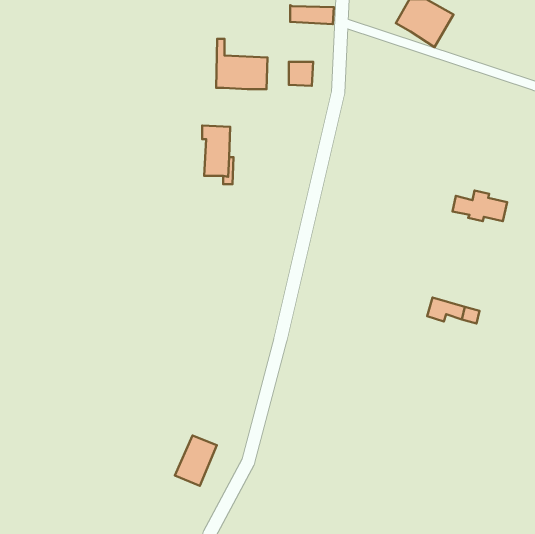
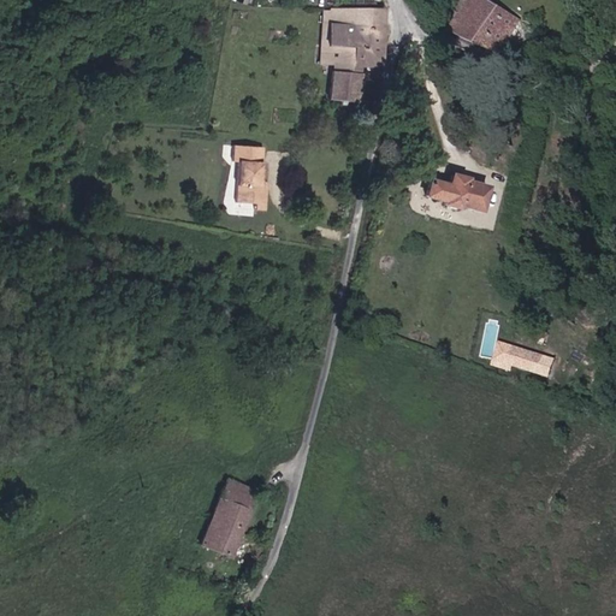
building: [216,39,268,89] -> [324,6,383,64]
building: [453,191,507,221] -> [427,173,490,208]
building: none -> [221,478,259,511]

